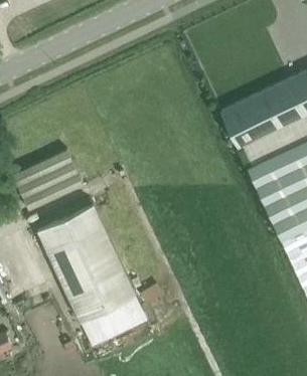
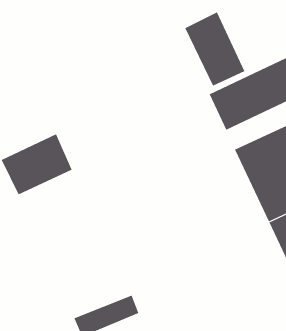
building: none -> [185,12,245,86]
building: [39,206,138,323] -> none

